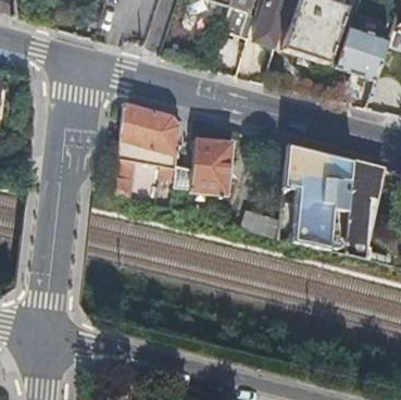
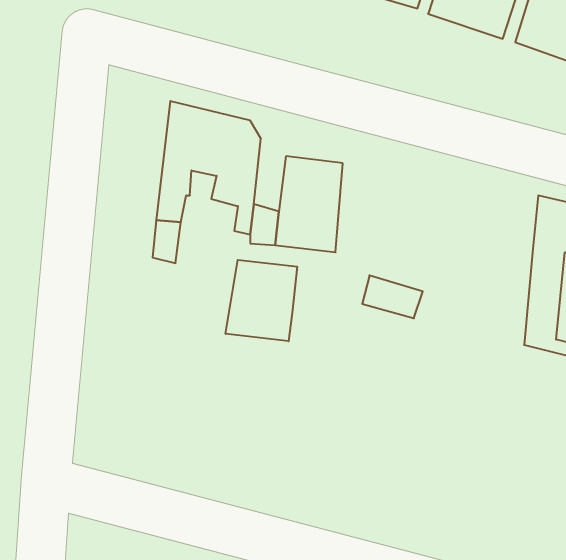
building: [284,142,351,247] -> none
building: none -> [226,260,297,341]

